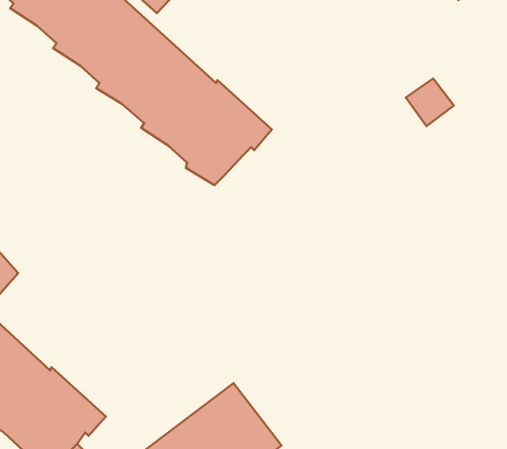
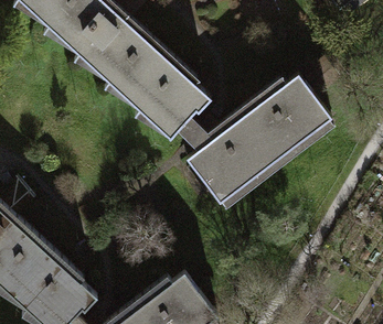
building: none -> [179,73,332,201]

